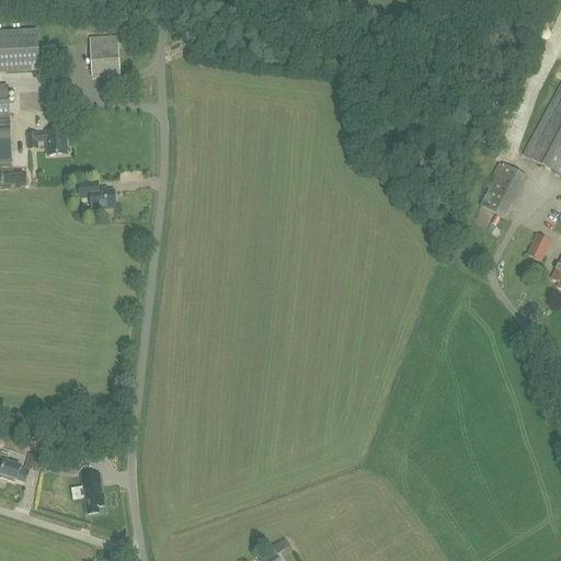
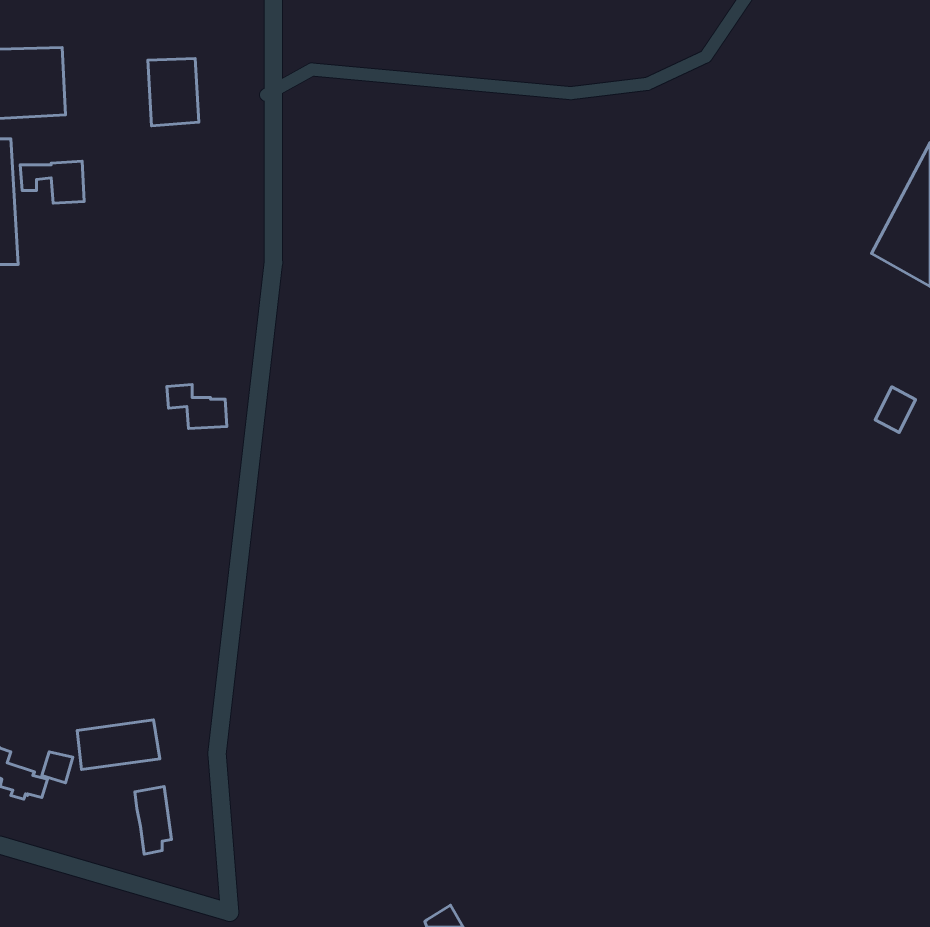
building: [27,129,66,154] -> [20,161,84,203]
building: [480,161,526,215] -> none
building: [79,181,115,207] -> [167,385,227,428]
building: none -> [77,720,160,770]

